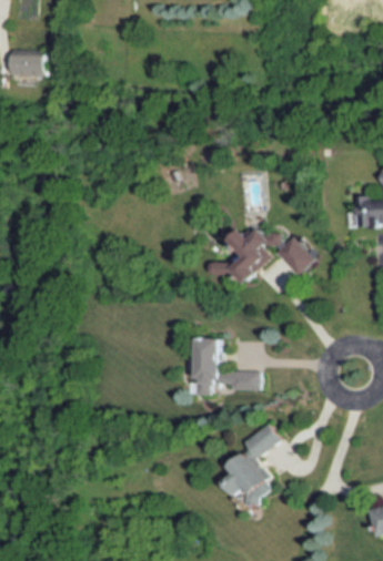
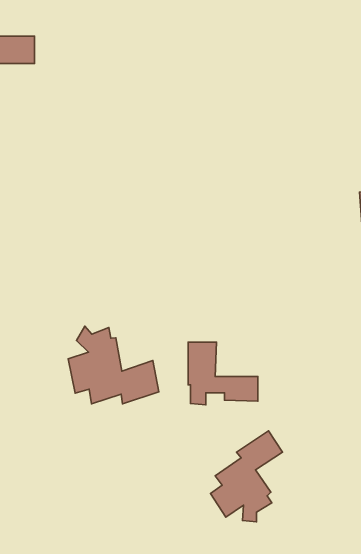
building: [208,227,314,283] -> none
building: none -> [68,326,159,404]

